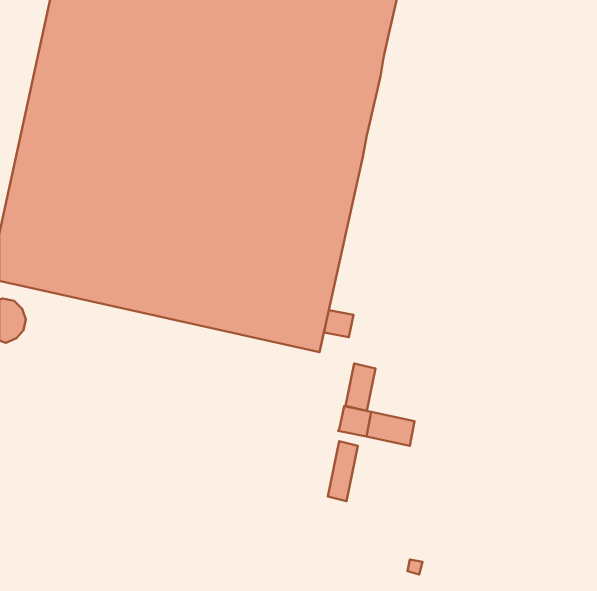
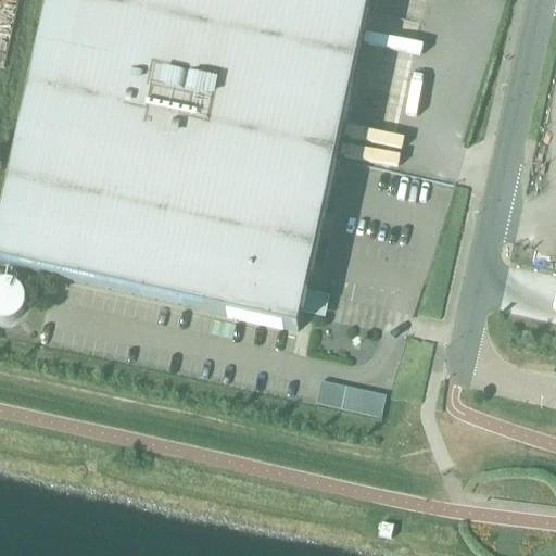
building: [345,363,376,411] -> none
building: [328,441,358,501] -> none

